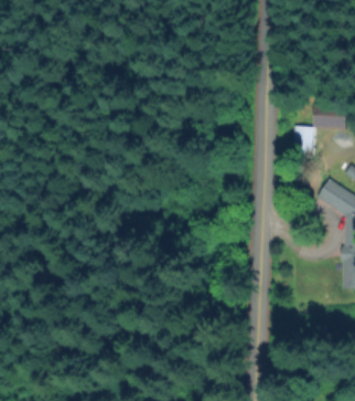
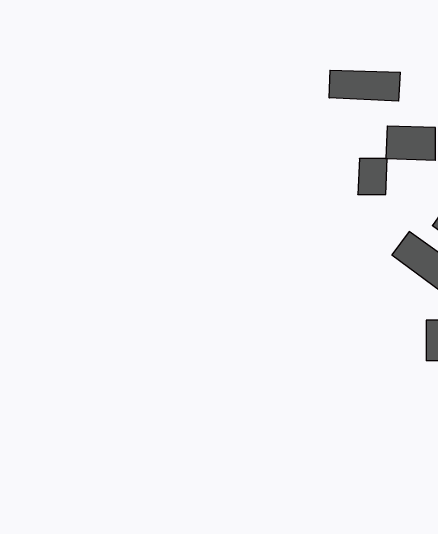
building: none -> [329,70,400,101]

